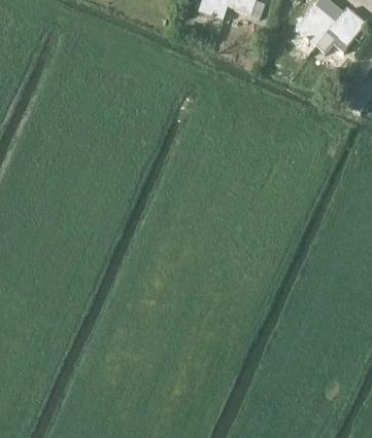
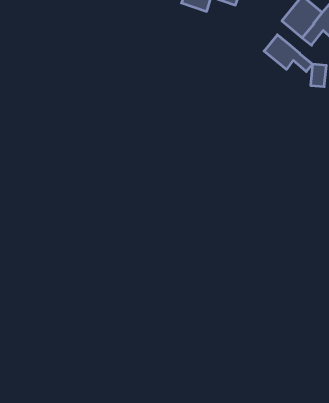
building: none -> [264,35,313,72]

